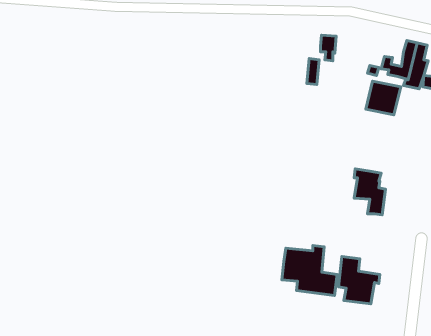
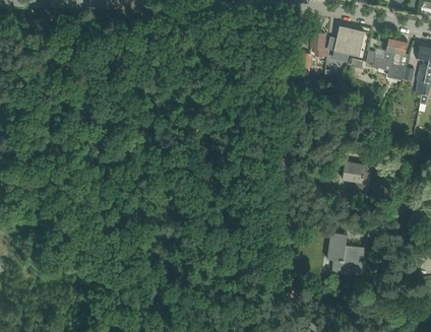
building: [366,81,401,115] -> [333,26,365,57]
building: [282,245,337,296] -> none

